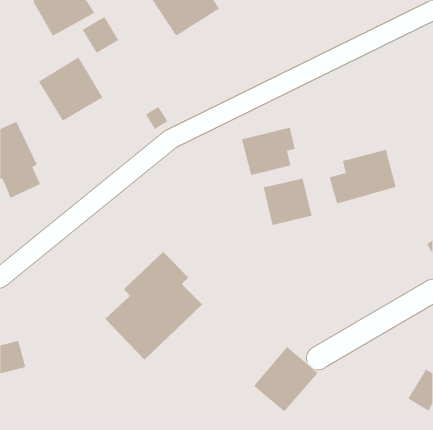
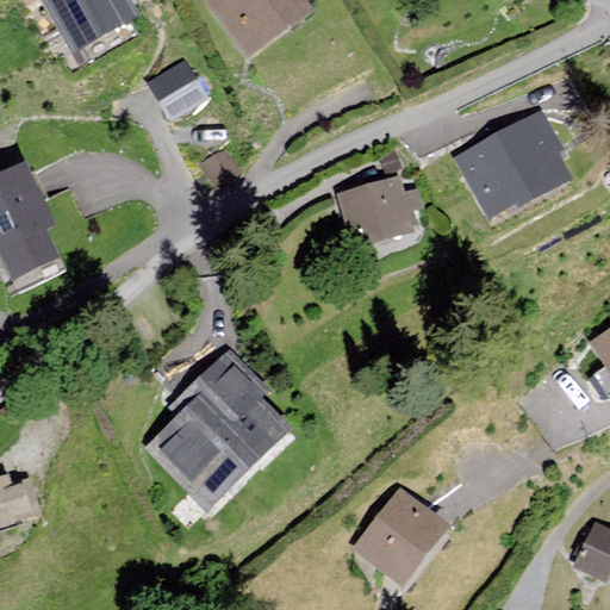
building: [82,16,119,54] -> [150,66,203,118]
building: [38,57,103,121] -> none
building: [329,149,397,204] -> [472,122,567,199]
building: [263,178,312,226] -> none

